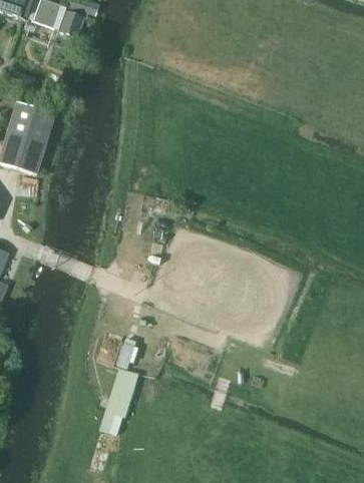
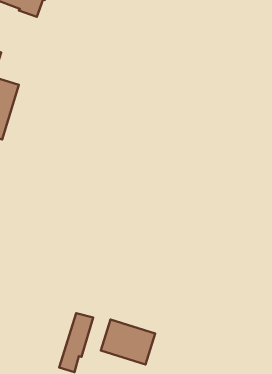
building: none -> [101,320,155,365]

